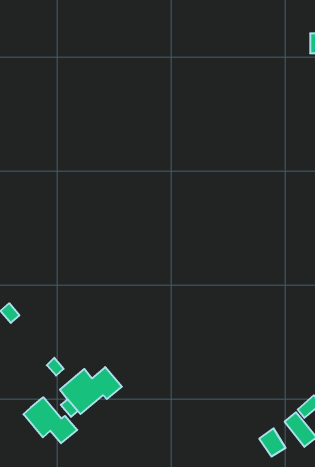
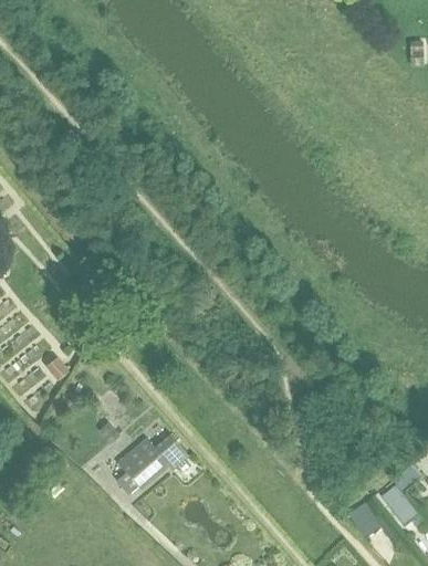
building: [23,397,77,443] -> none

